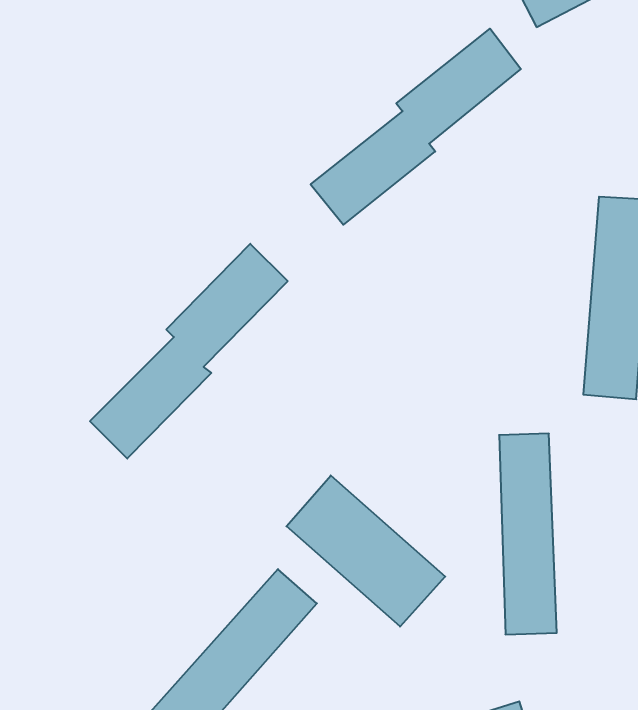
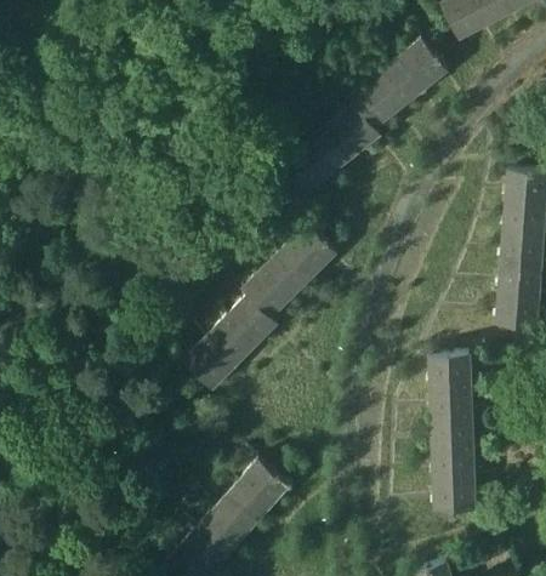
building: [90,244,288,459] -> [183,221,337,388]
building: [286,475,445,627] -> none

